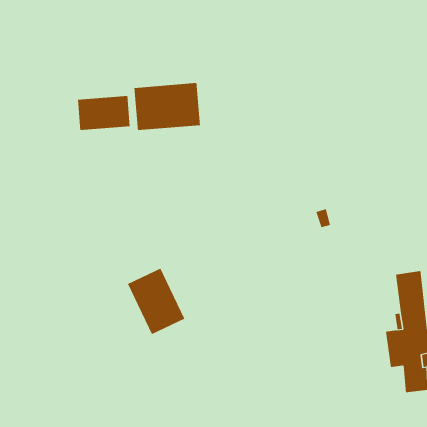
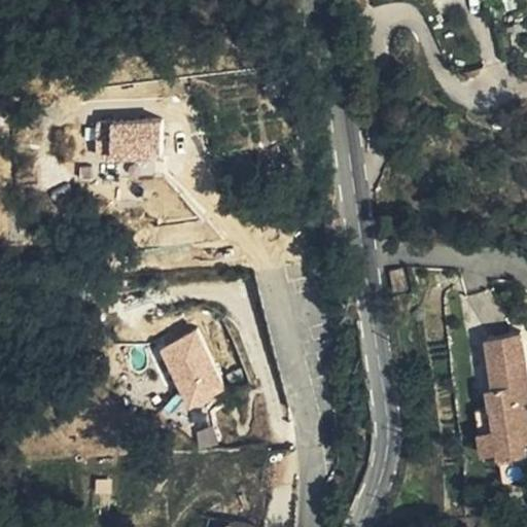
building: [134,82,200,131] -> none

